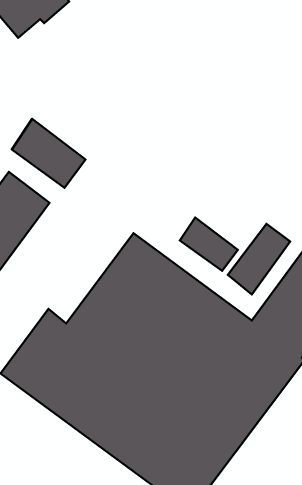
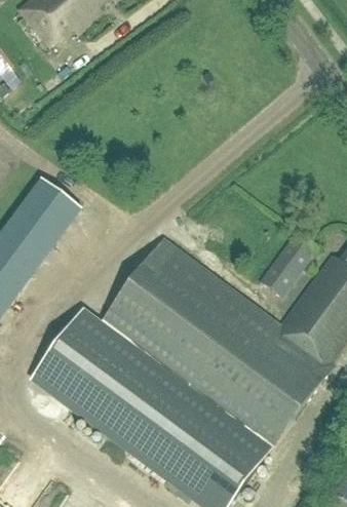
building: [12,119,86,188] -> none
building: [180,217,238,271] -> none

